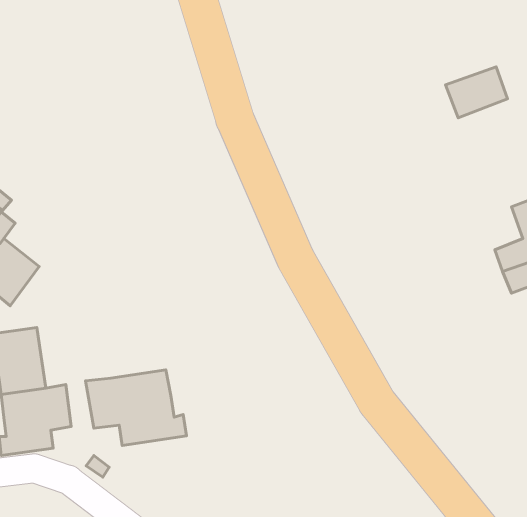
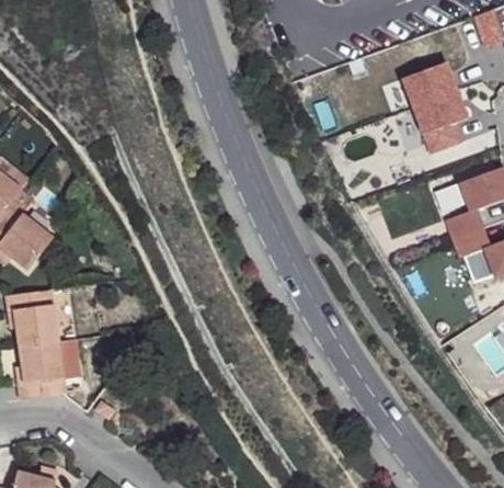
building: none -> [414,91,468,155]
building: [86,370,187,445] -> none

